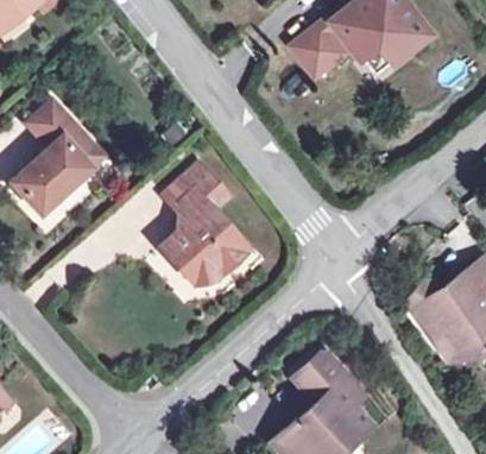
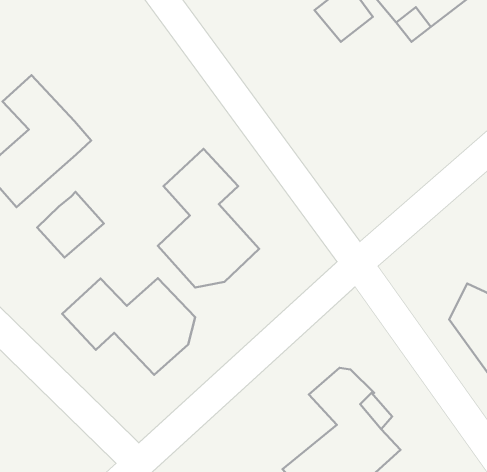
building: none -> [37,192,104,258]
building: none -> [62,278,195,375]

